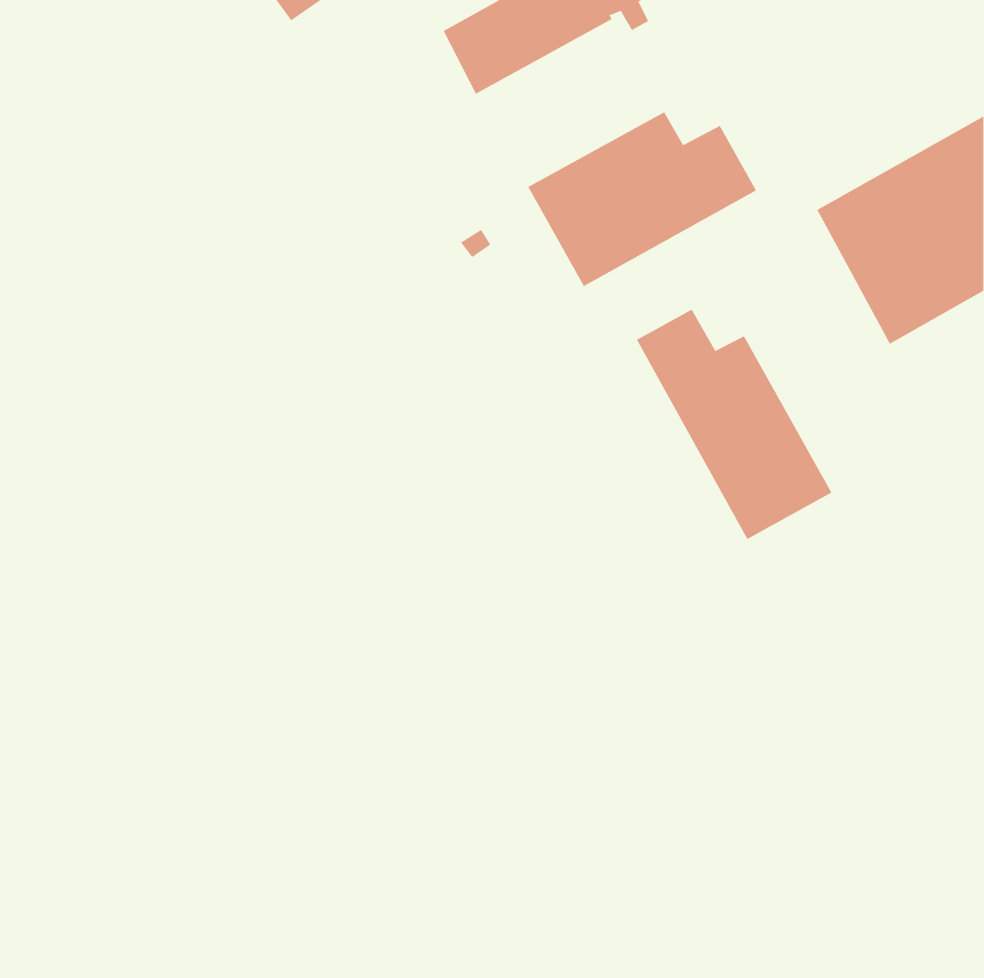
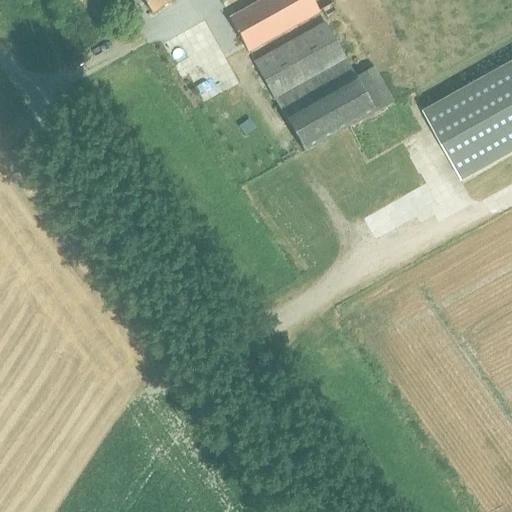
building: none -> [254,22,345,97]
building: [636,309,832,540] -> none

